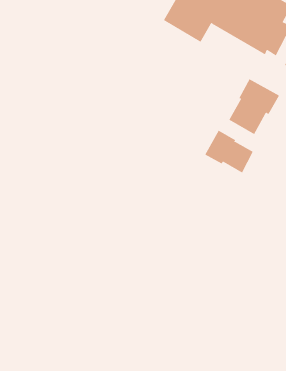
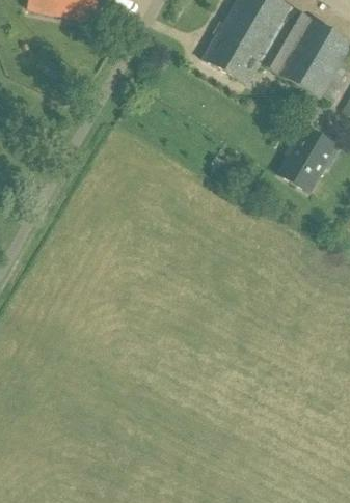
building: [205,130,254,173] -> none

